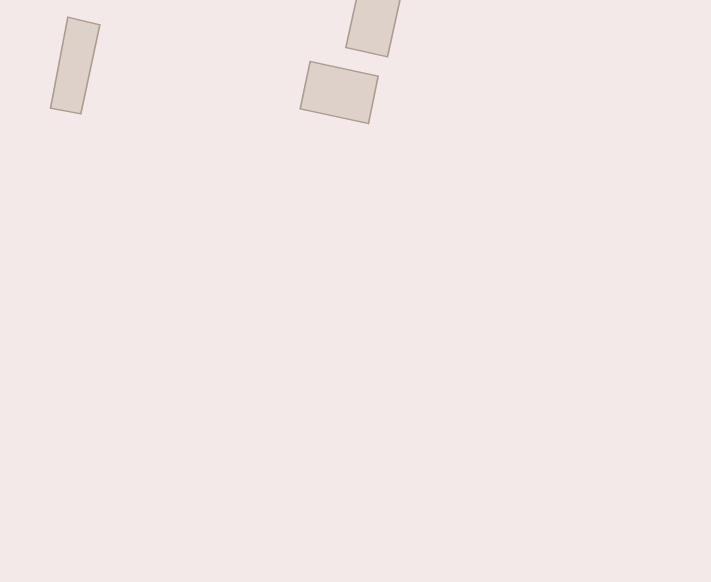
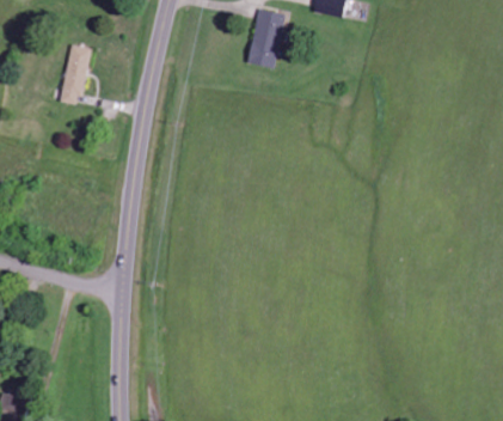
building: [300,61,378,123] -> none

